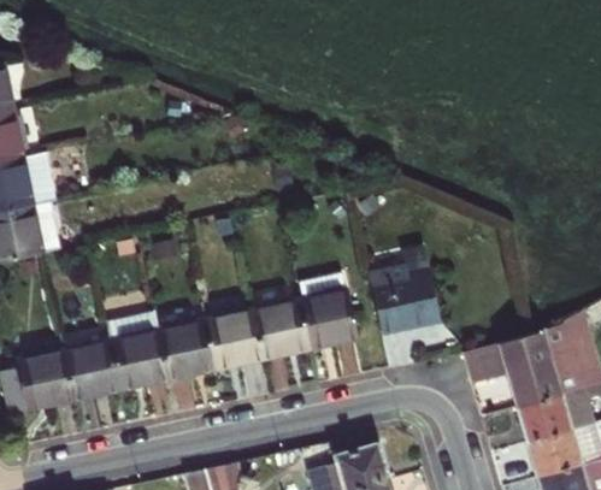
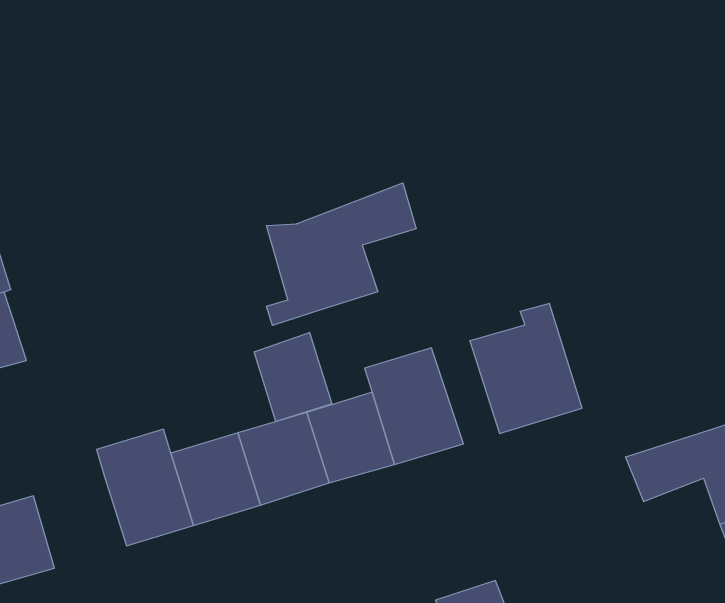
building: none -> [266,183,416,325]
building: none -> [254,332,332,422]
building: [59,340,119,400] -> none

